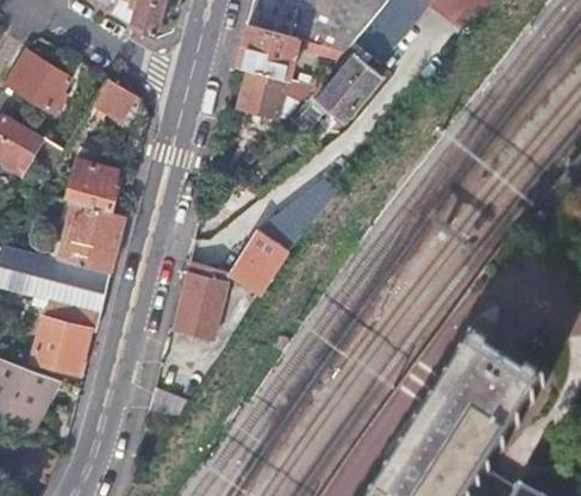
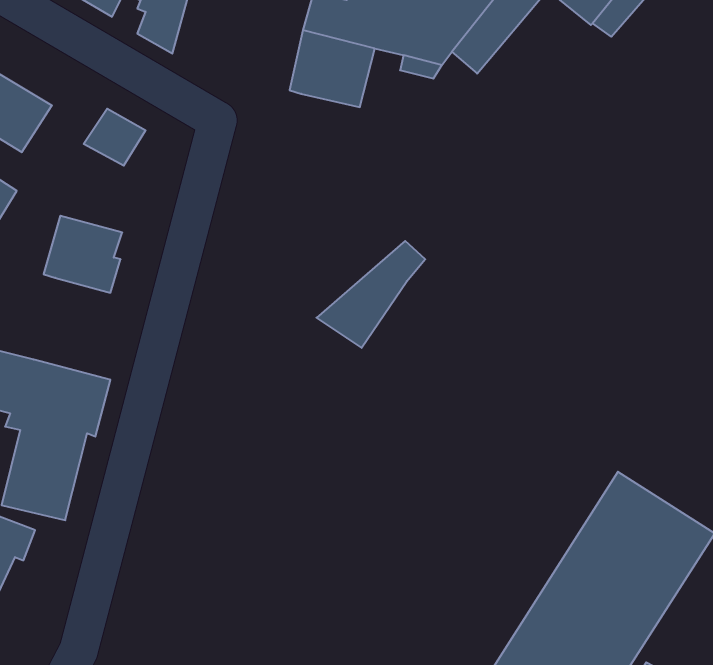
building: [317,46,382,124] -> none
building: [237,69,317,118] -> none
building: [56,200,127,273] -> none
building: [174,229,279,339] -> none

